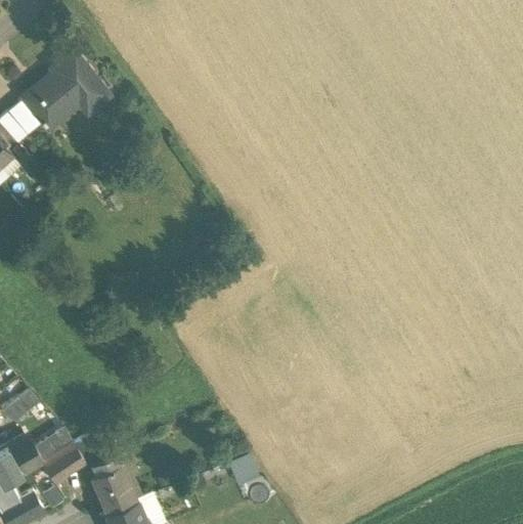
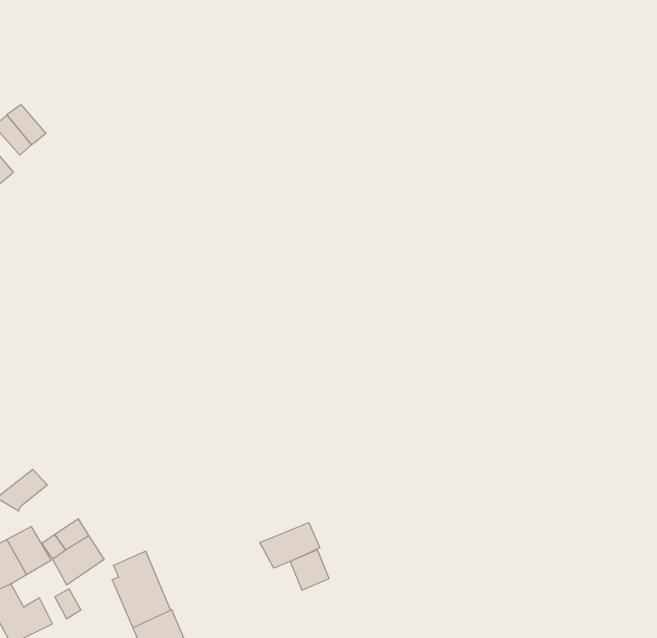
building: [21,50,111,130] -> none
building: none -> [260,523,320,568]

